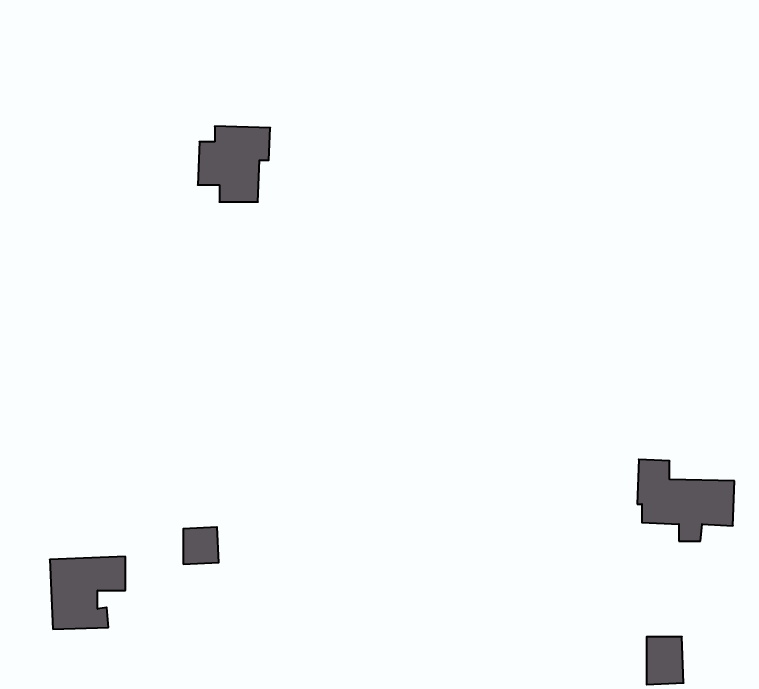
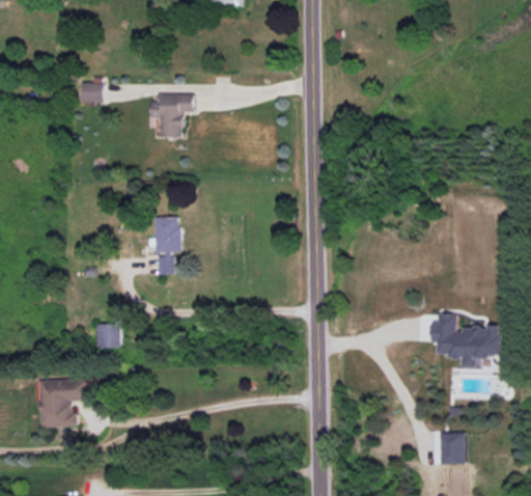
building: none -> [82,83,105,104]
building: none -> [156,217,180,275]
building: [183,527,219,564] -> [96,324,120,349]

